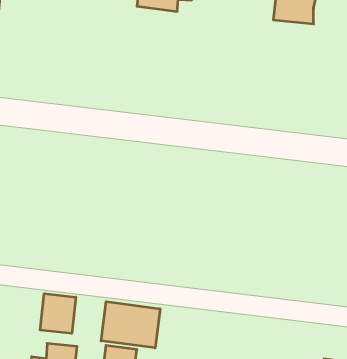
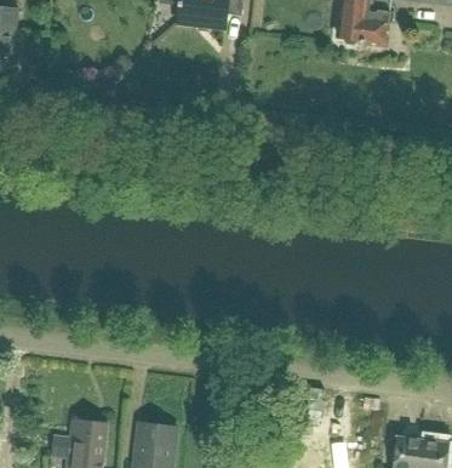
building: [40,294,76,333] -> none
building: [101,302,160,348] -> none

